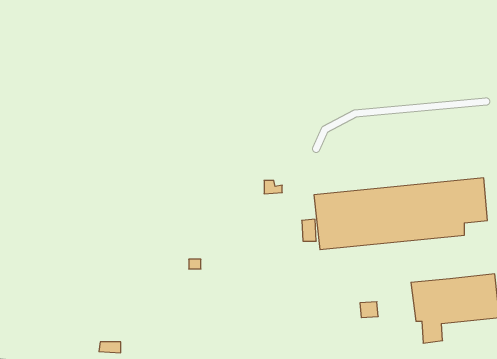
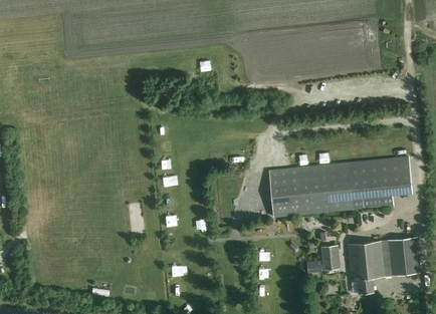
building: none -> [319,244,339,270]

